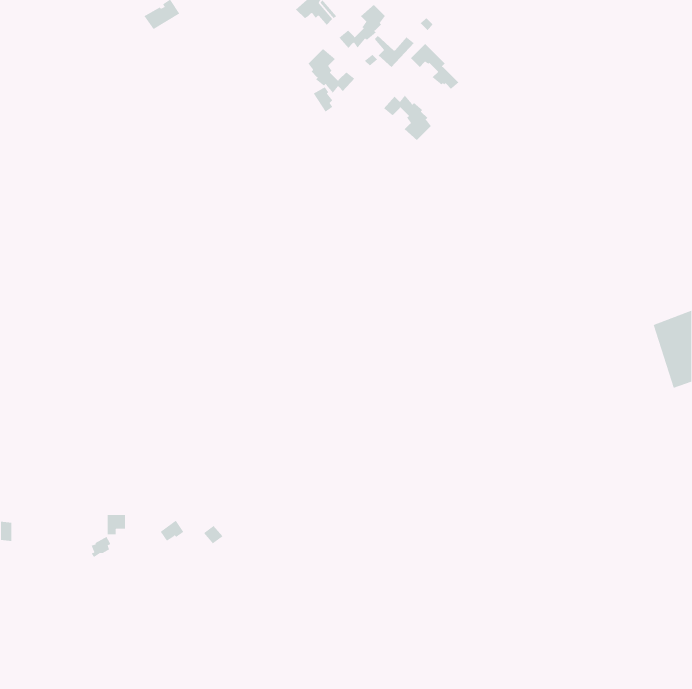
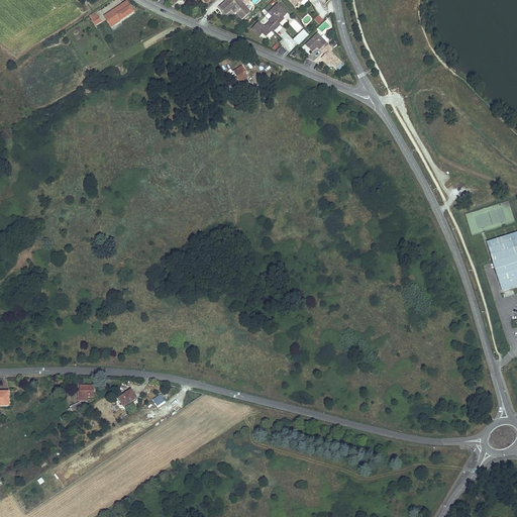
building: [308,48,355,94] -> none
building: [383,95,432,141] -> none

